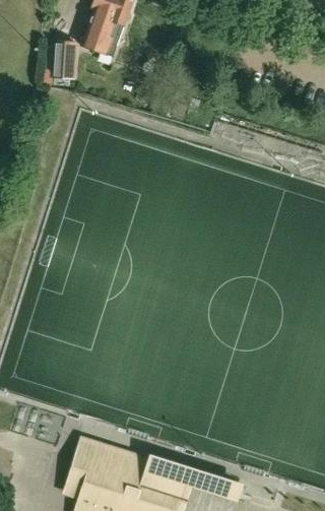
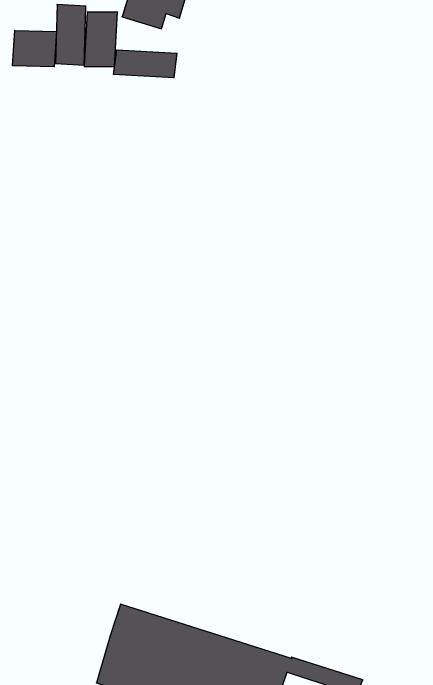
building: none -> [13,30,56,67]
building: none -> [114,50,177,78]

